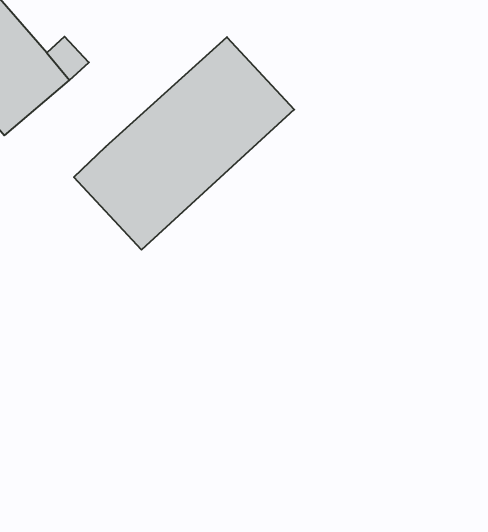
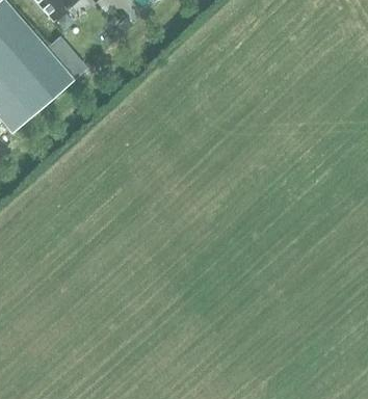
building: [74,37,294,250] -> none

